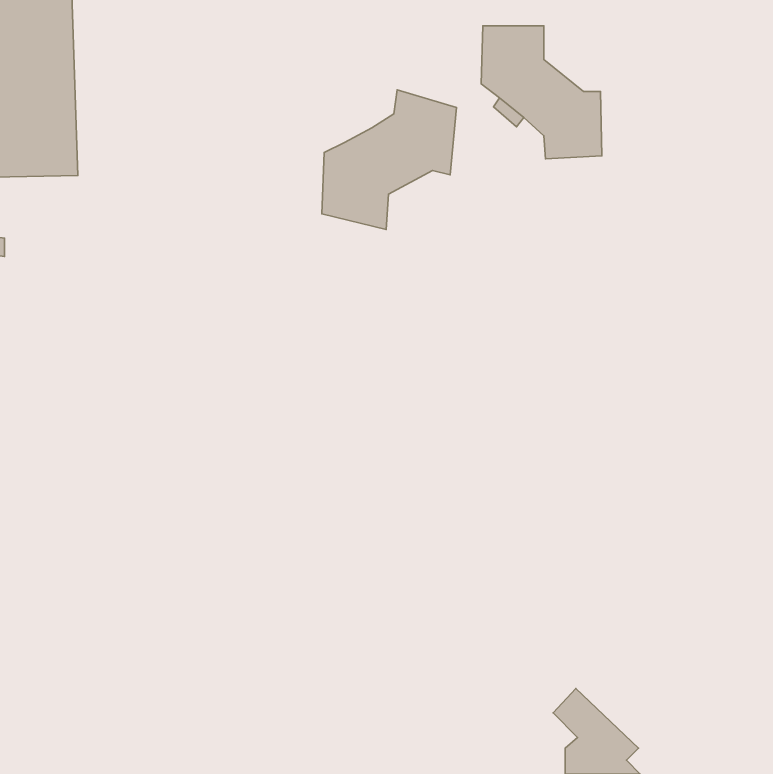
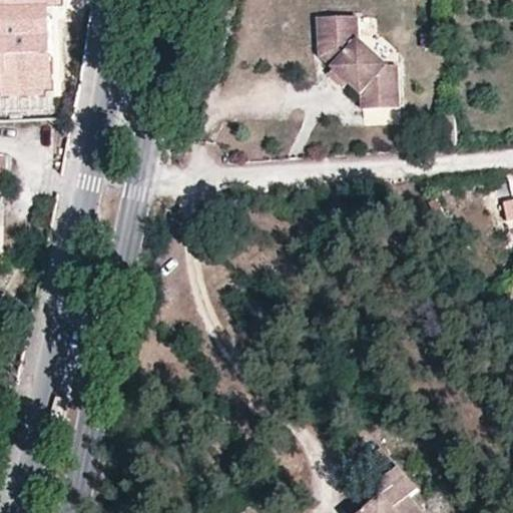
building: [322,90,457,229] -> none

